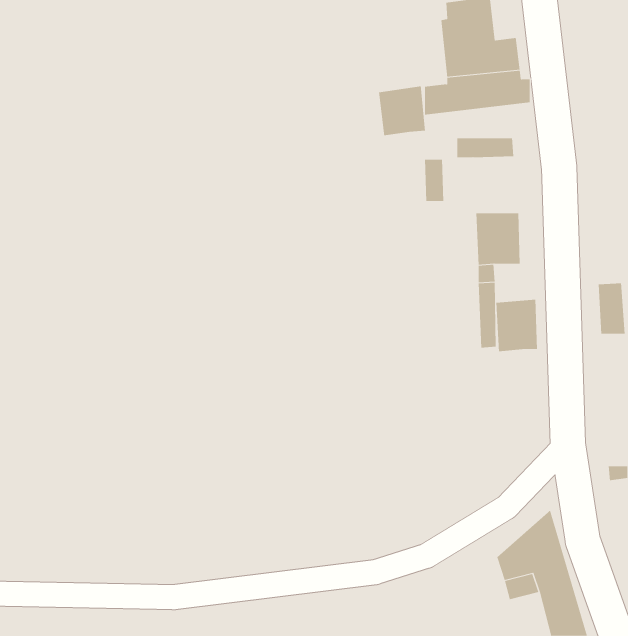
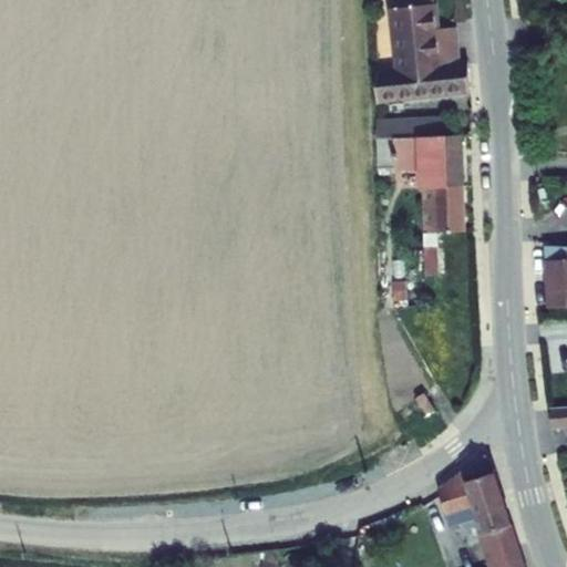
building: [378,86,426,136] -> none
building: none -> [419,138,460,188]
building: [496,299,538,352] -> none

